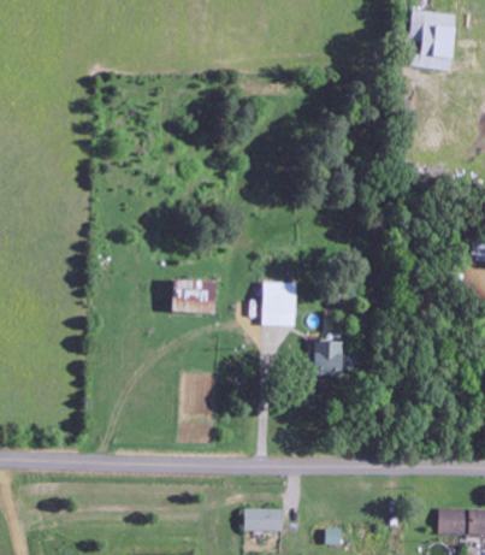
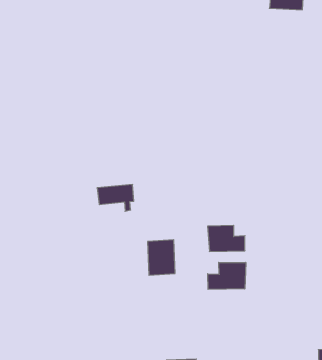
building: [260,282,295,325] -> [148,240,175,275]
building: none -> [208,262,246,289]

